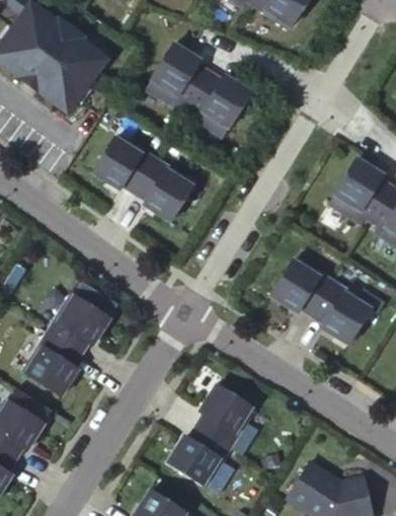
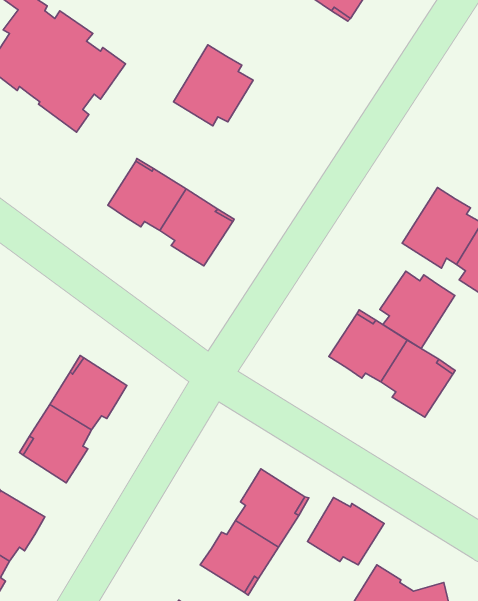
building: [189,72,251,138] -> none
building: none -> [380,271,455,349]
building: none -> [307,497,384,565]

